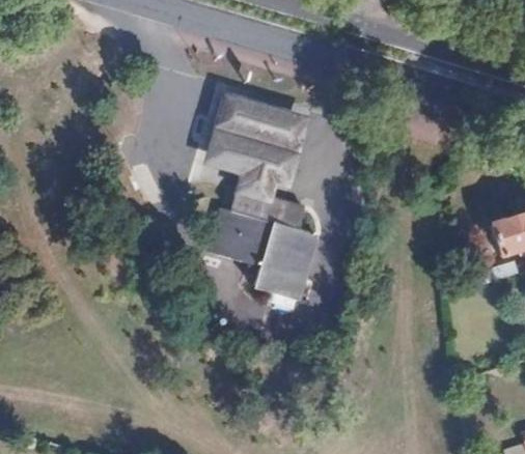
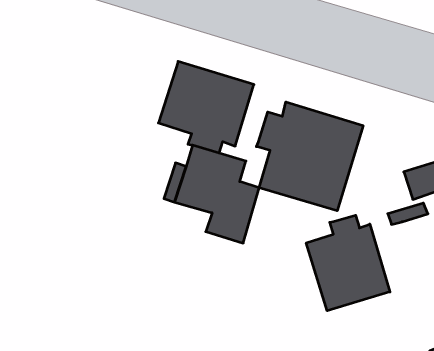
building: none -> [256,102,363,211]
building: none -> [306,215,390,311]

